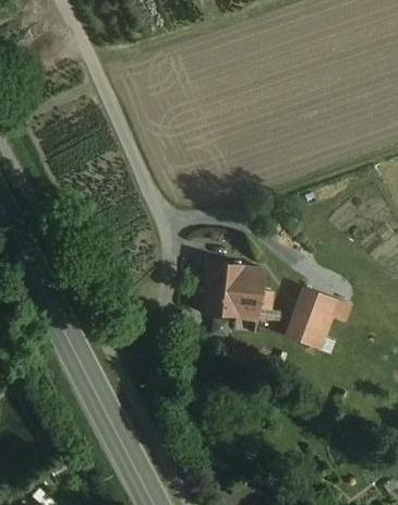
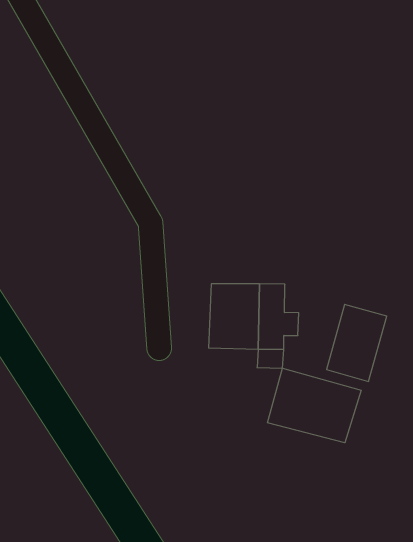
building: none -> [267,368,361,443]

